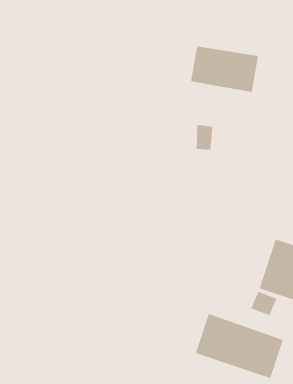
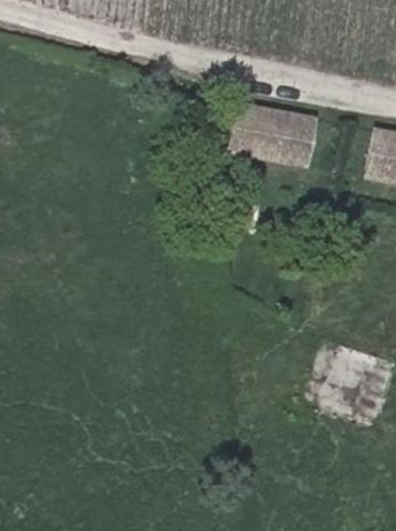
building: [195,313,284,379] -> none

